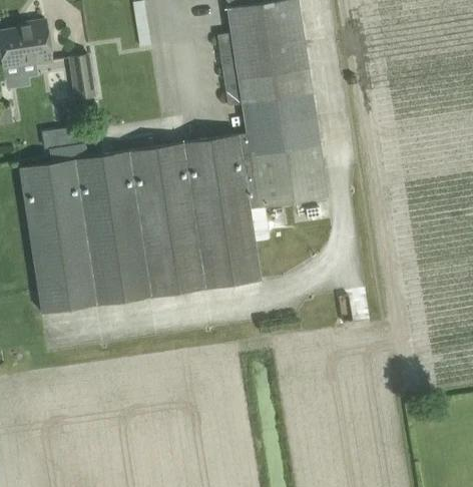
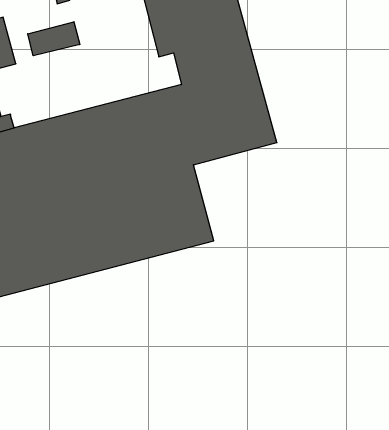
building: none -> [28,22,80,56]

